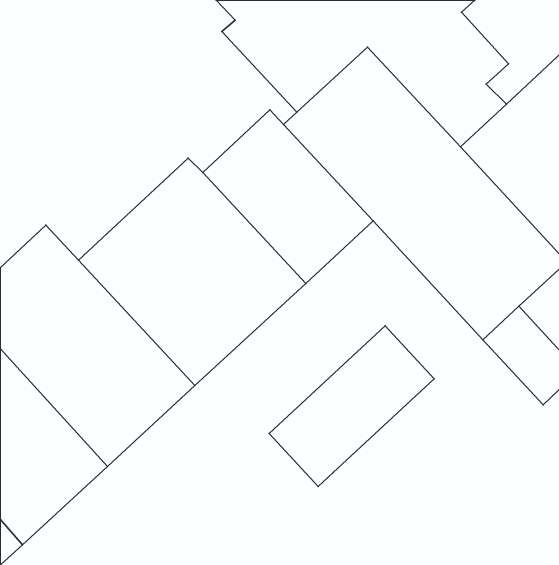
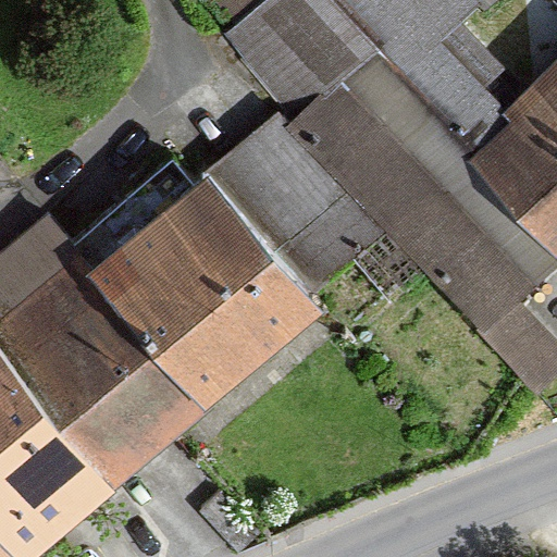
building: [269,326,434,487] -> none

